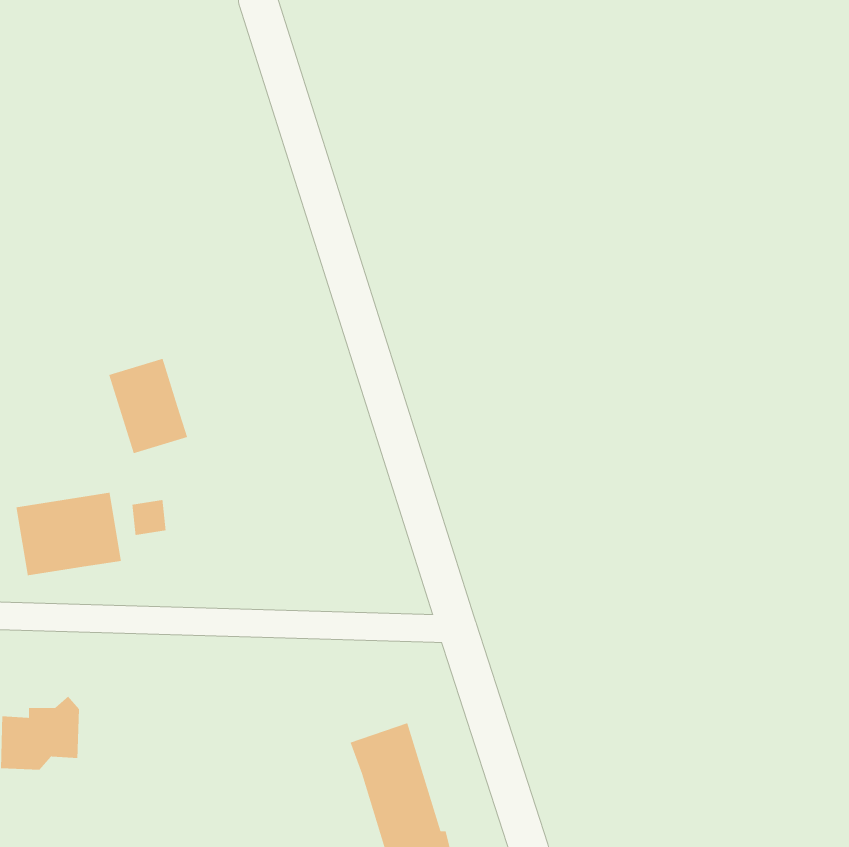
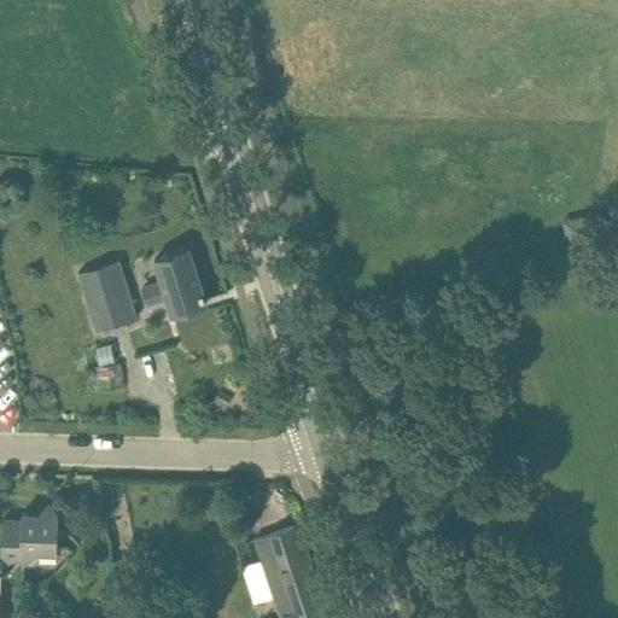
building: none -> [141,250,205,316]
building: [15,492,122,576] -> none

